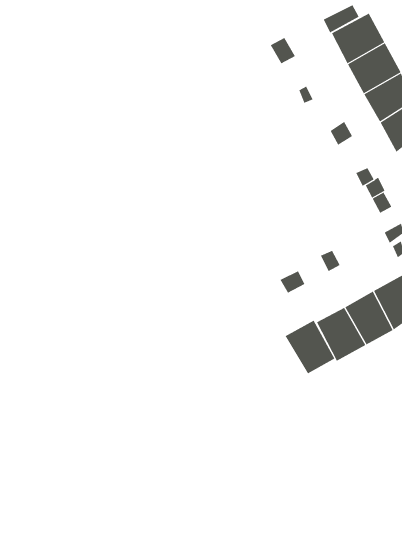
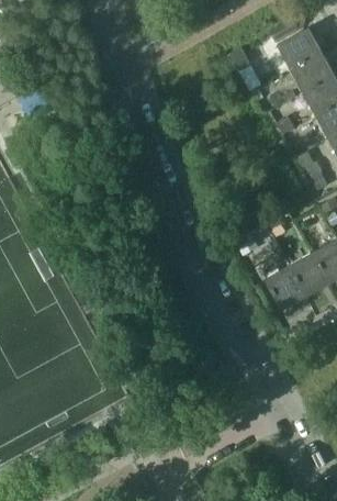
building: [285,320,335,374] -> none

